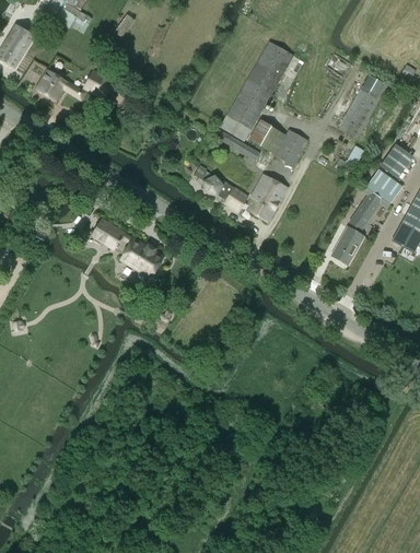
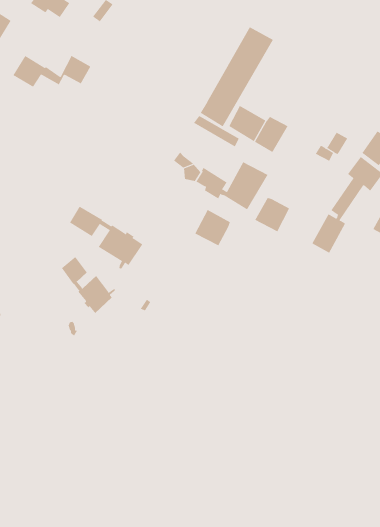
building: [338,74,384,137] -> none
building: none -> [255,197,290,232]
building: none -> [195,209,230,246]
building: none -> [61,256,116,314]

